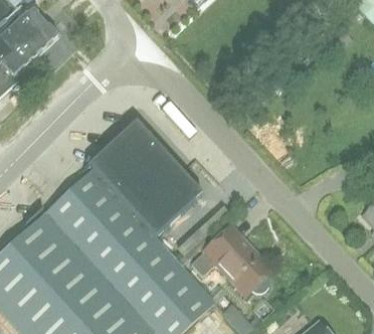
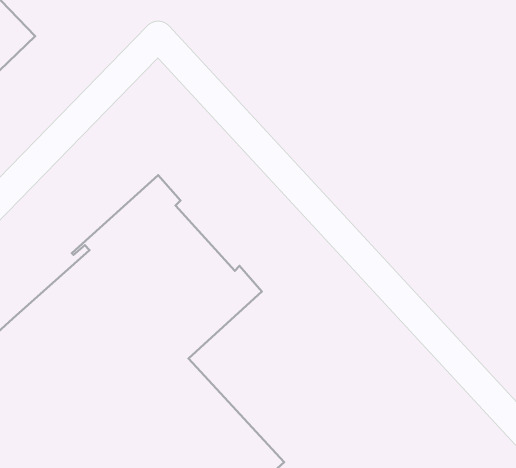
building: [191,226,270,296] -> none

